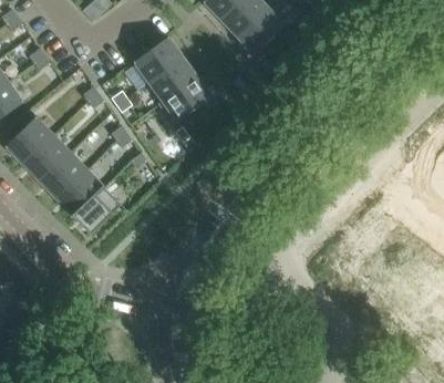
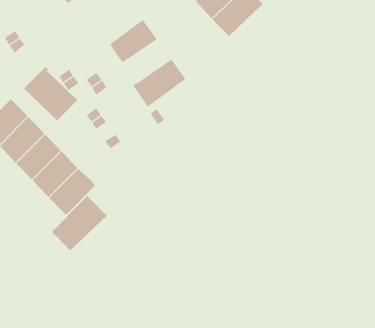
building: [147,55,197,100] -> none
building: none -> [23,66,78,121]
building: none -> [51,195,108,251]

